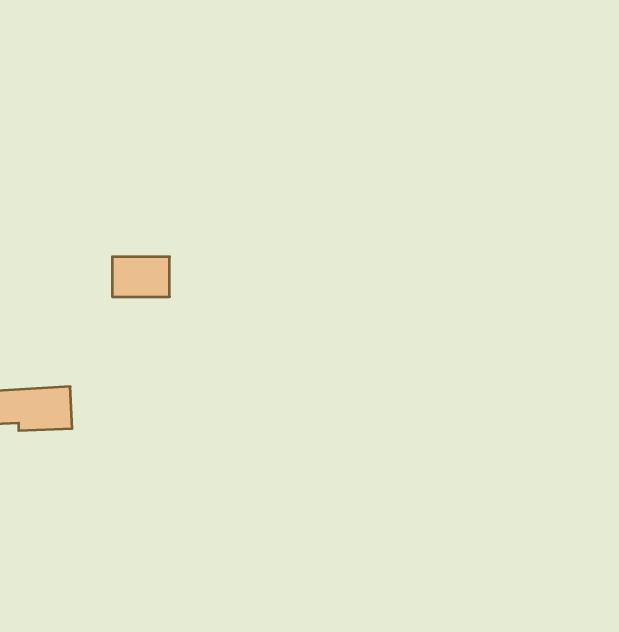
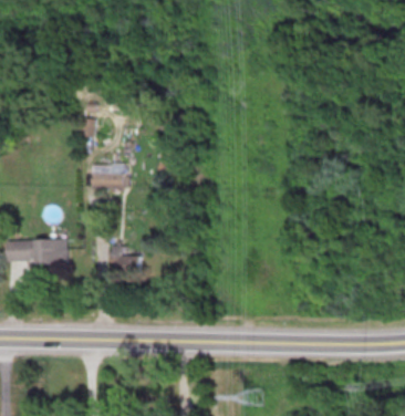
building: none -> [111,245,139,271]

